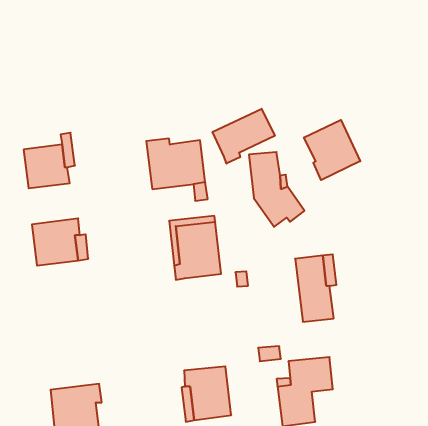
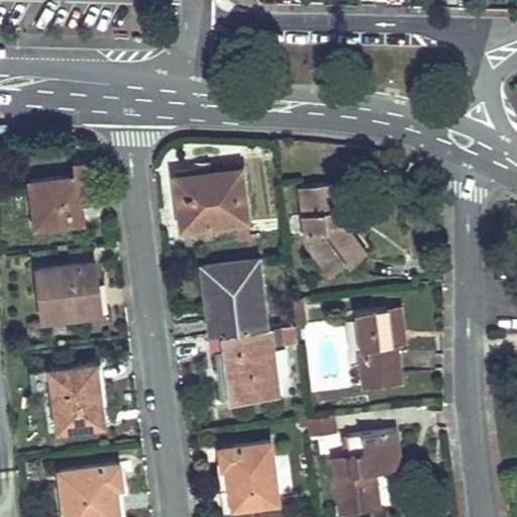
building: [212,109,275,164] -> none
building: [304,120,360,180] -> none
building: none -> [216,333,278,405]
building: none -> [50,367,104,432]

